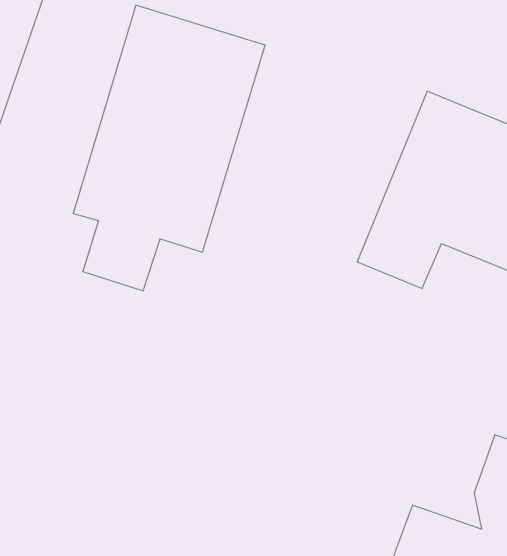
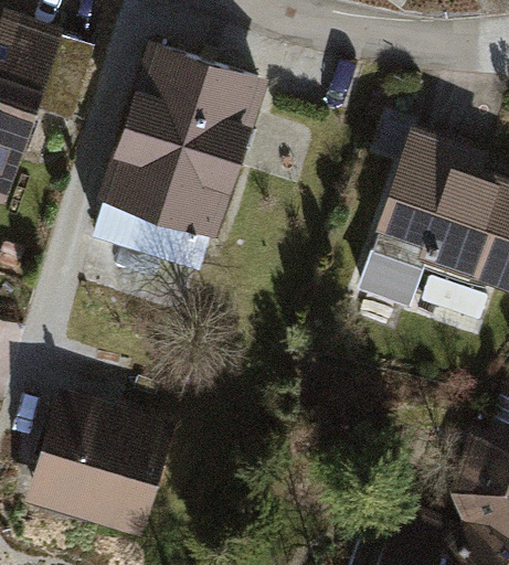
building: none -> [31,397,178,542]

